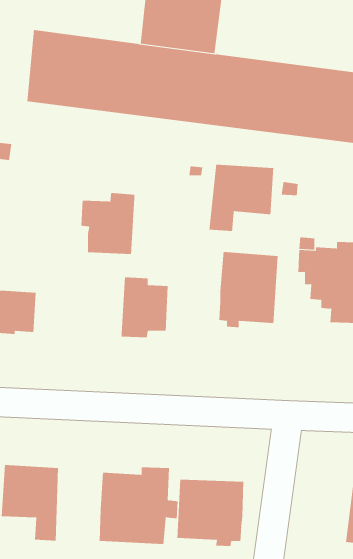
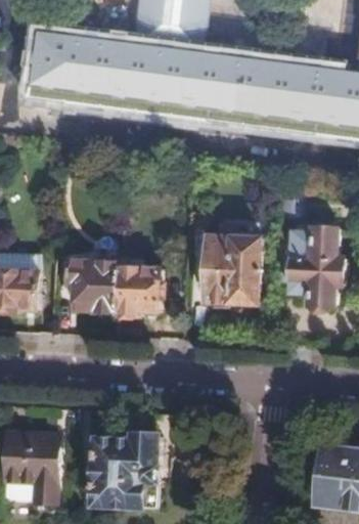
building: [209,164,274,232] -> none
building: [81,192,135,255] -> [68,252,118,309]
building: [177,479,244,547] -> none

